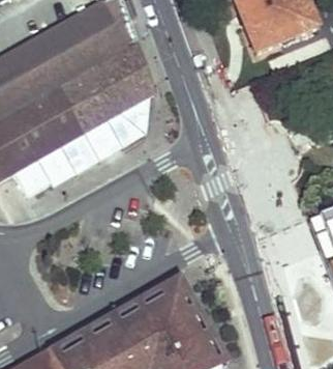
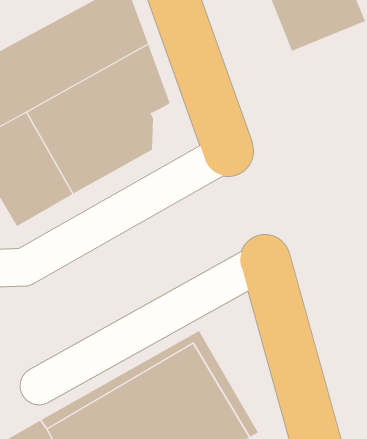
building: [51,93,150,183] -> none

